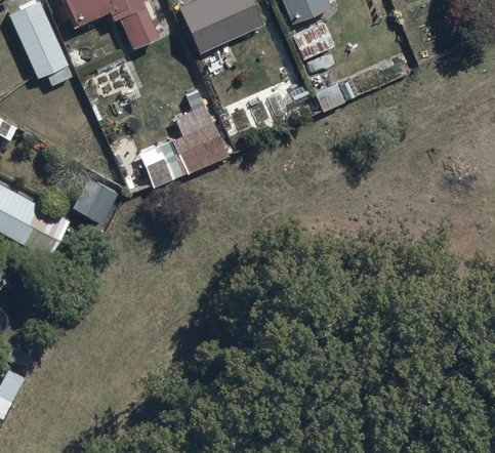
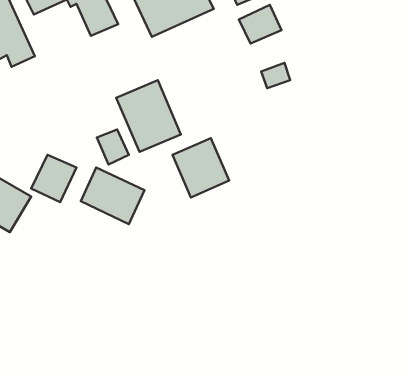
building: none -> [173,138,229,197]
building: none -> [81,167,145,224]

